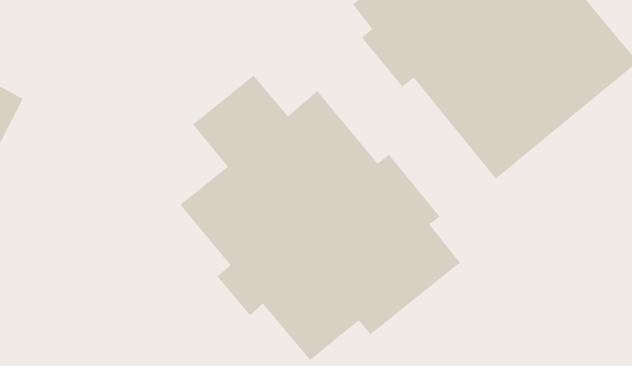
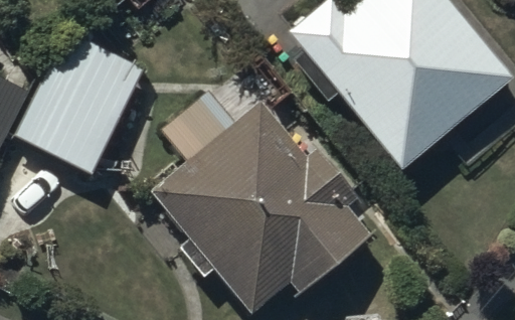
building: none -> [16,43,144,187]

